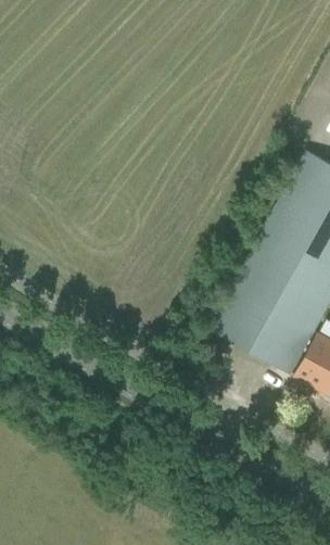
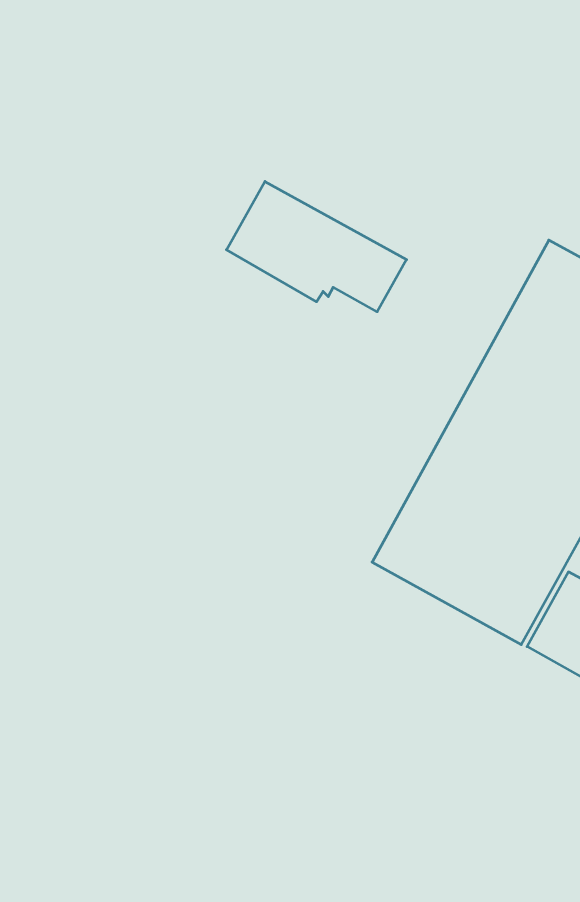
building: none -> [226,181,407,312]

